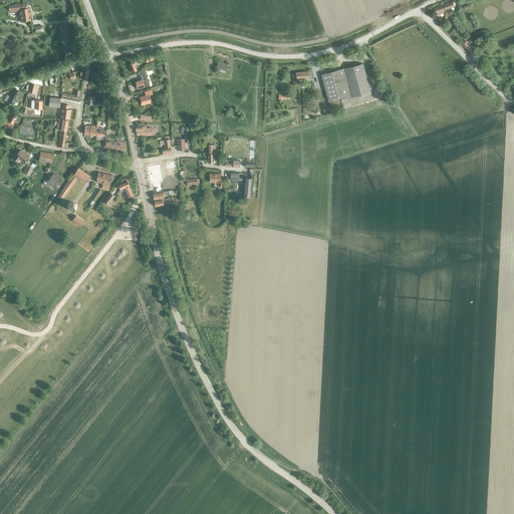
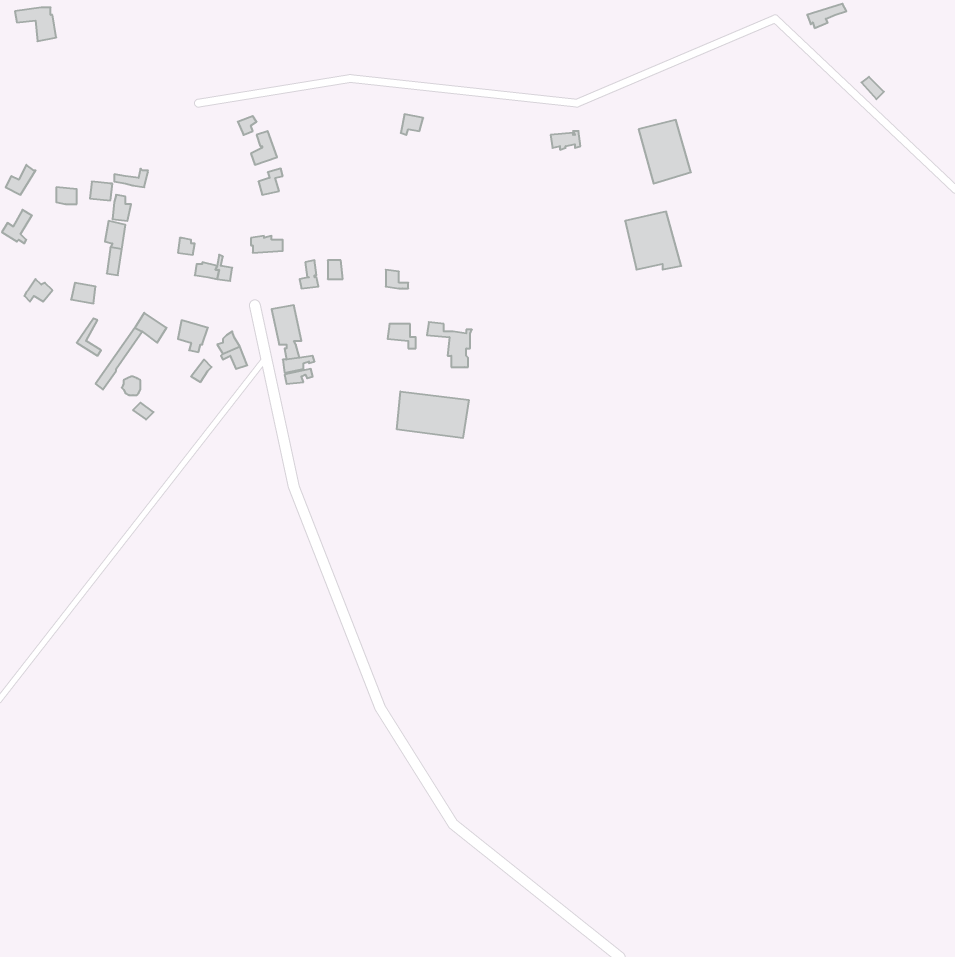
building: [320,69,350,100] -> [625,212,681,270]
building: none -> [397,391,469,438]

